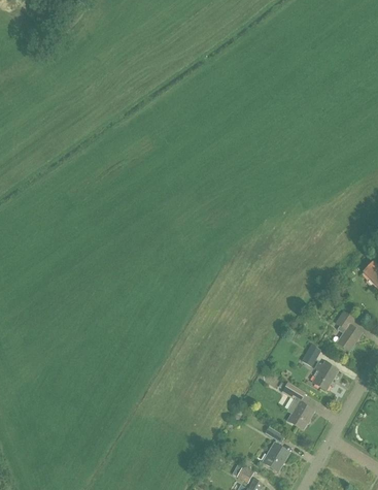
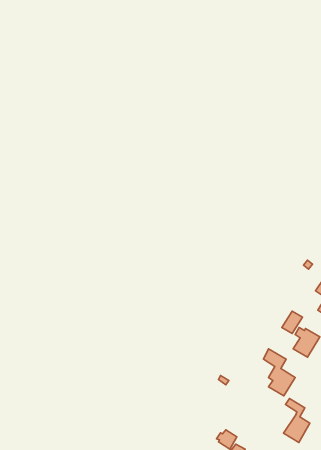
building: [263,426,289,470] -> [283,398,310,442]

